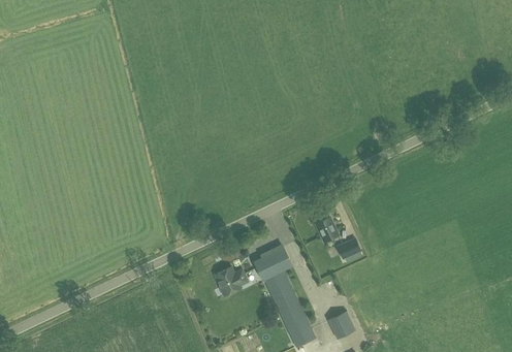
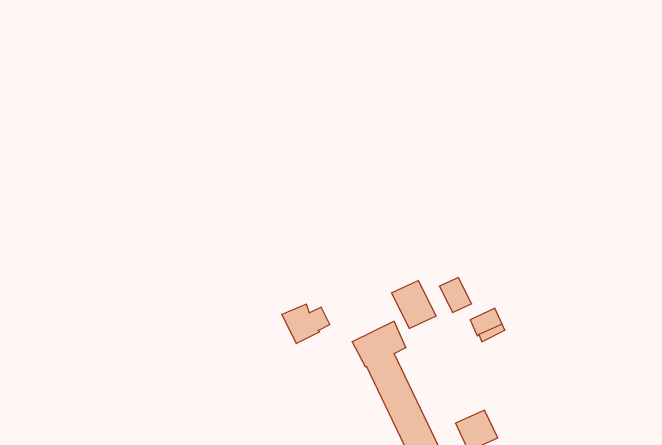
building: none -> [392,280,436,329]
building: [214,266,248,294] -> [282,304,330,344]

